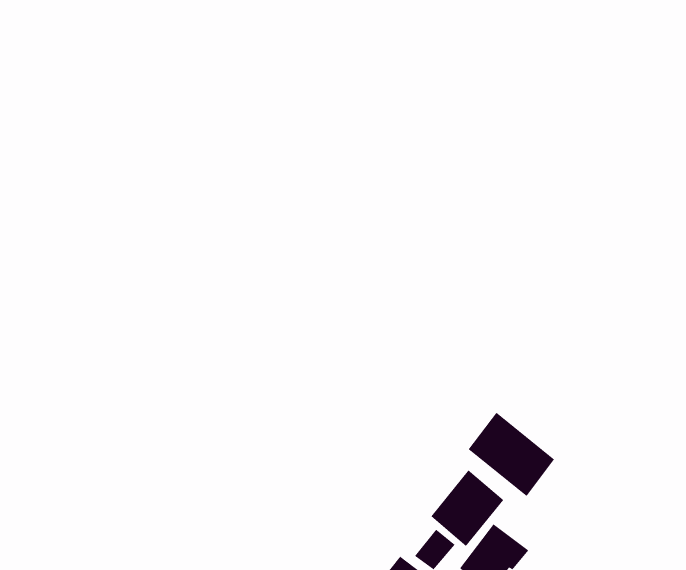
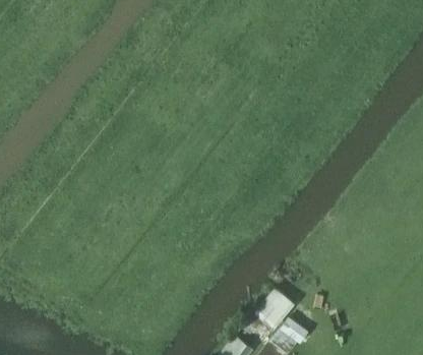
building: [468,412,555,497] -> none

